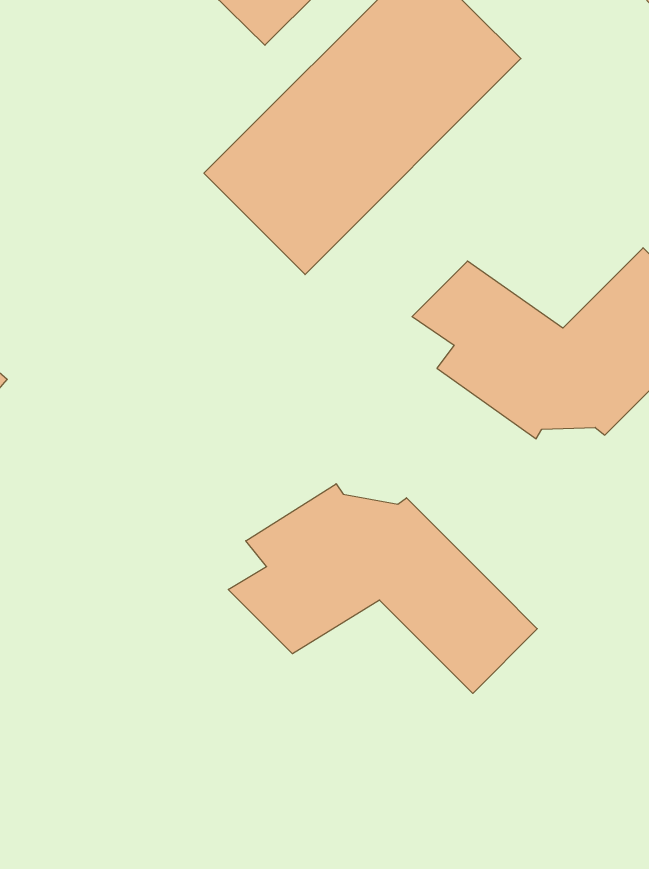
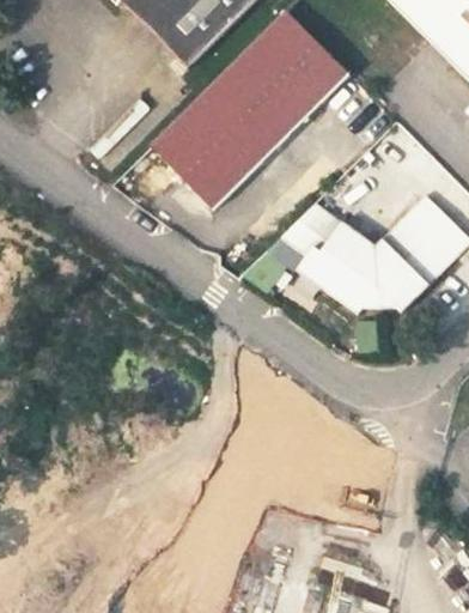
building: [228,484,537,693] -> none

